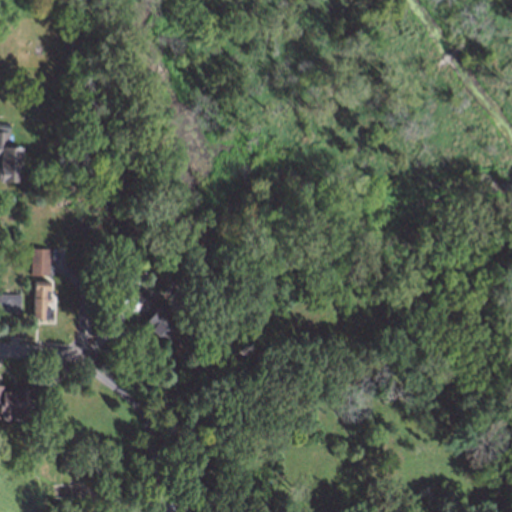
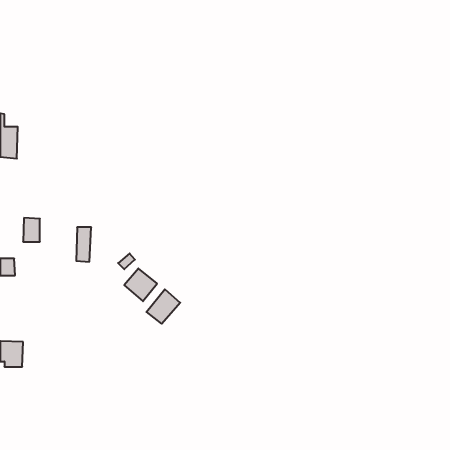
building: [33,282,50,321] -> [76,227,91,262]
building: none -> [146,289,180,324]

